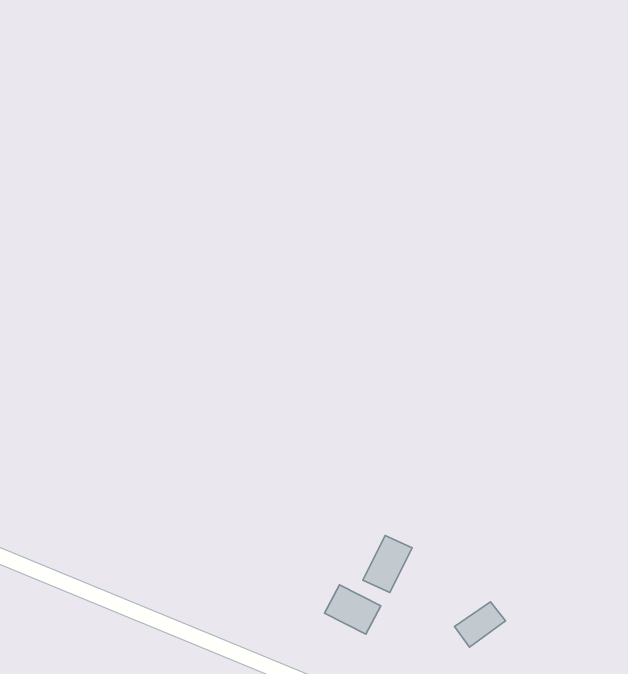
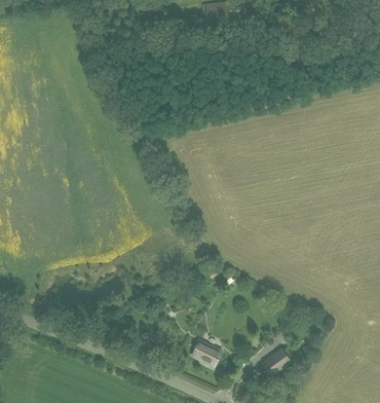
building: [363,535,412,592] -> none

